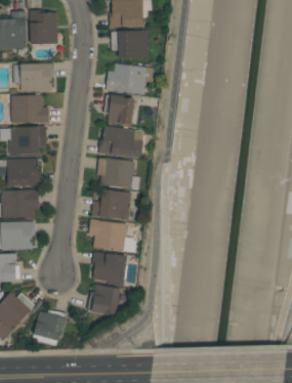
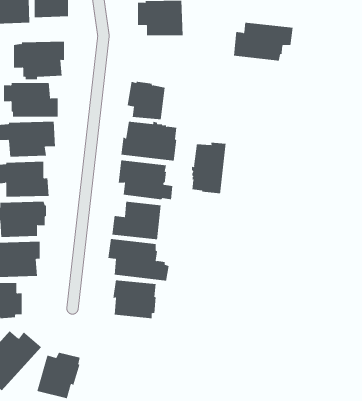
building: [106,63,154,94] -> [233,22,294,61]
building: none -> [191,142,226,194]
building: [87,284,120,314] -> none

